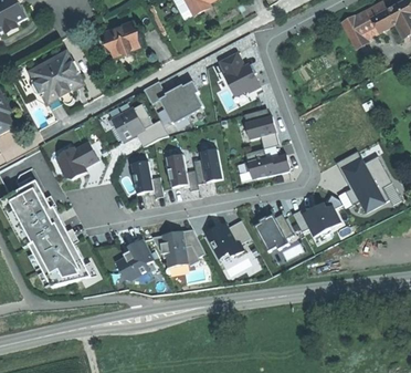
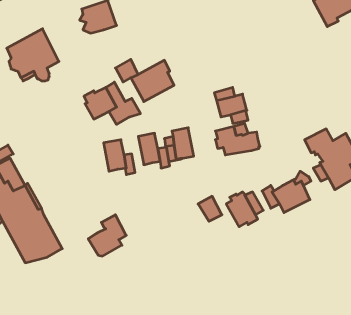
building: [218,52,259,96] -> none
building: [56,143,96,179] -> none
building: [204,224,242,259] -> none
building: [150,230,204,267] -> none

